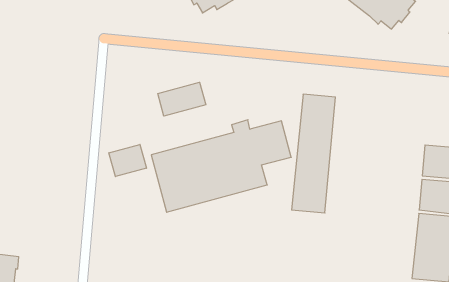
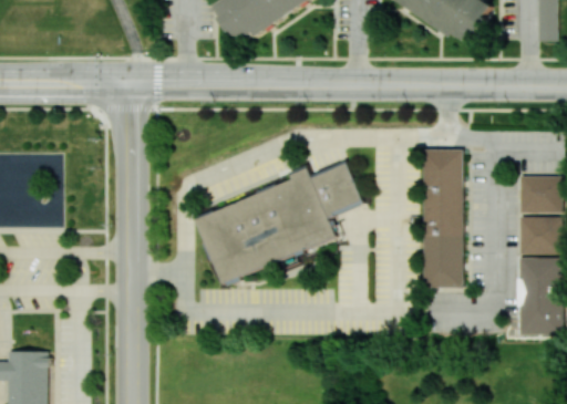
building: [158,82,206,116] -> none
building: [292,94,335,213] -> [422,149,462,288]
building: [109,144,146,177] -> none

